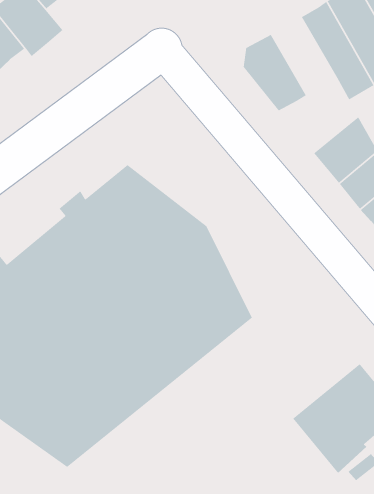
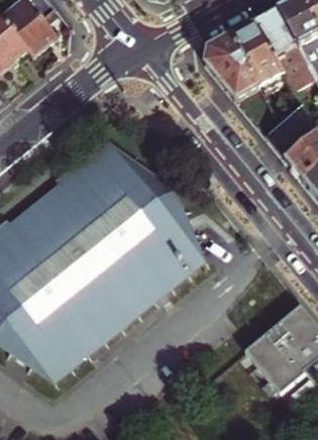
building: none -> [228,19,282,84]

